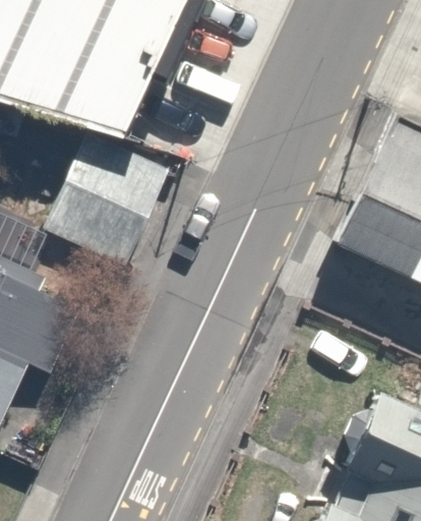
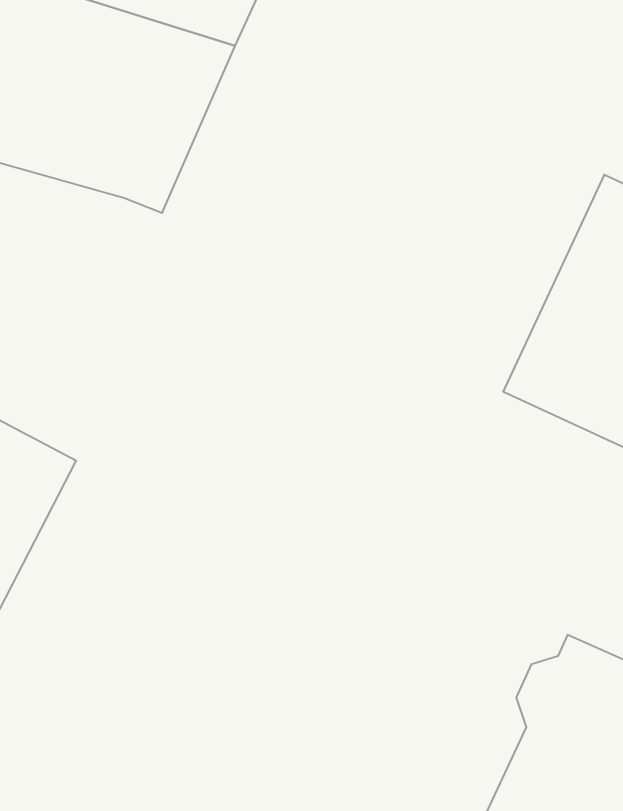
building: [32,131,168,267] -> none

